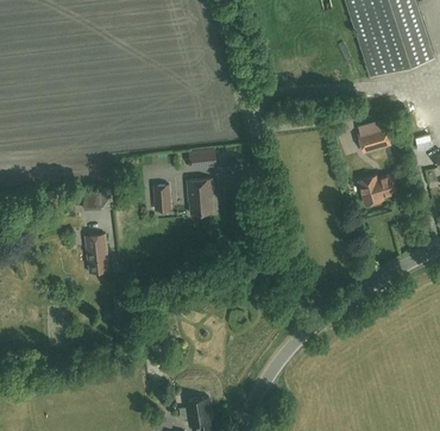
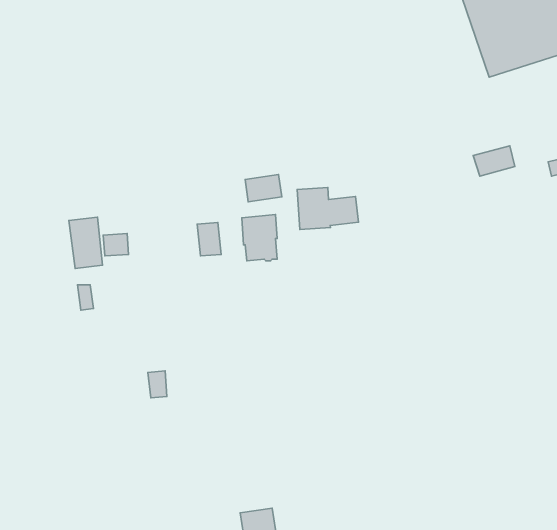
building: none -> [297,188,359,230]
building: [358,175,395,204] -> none
building: [83,235,108,273] -> [69,217,102,268]

